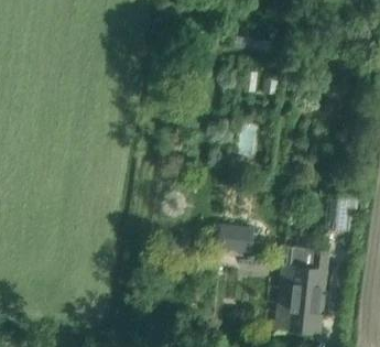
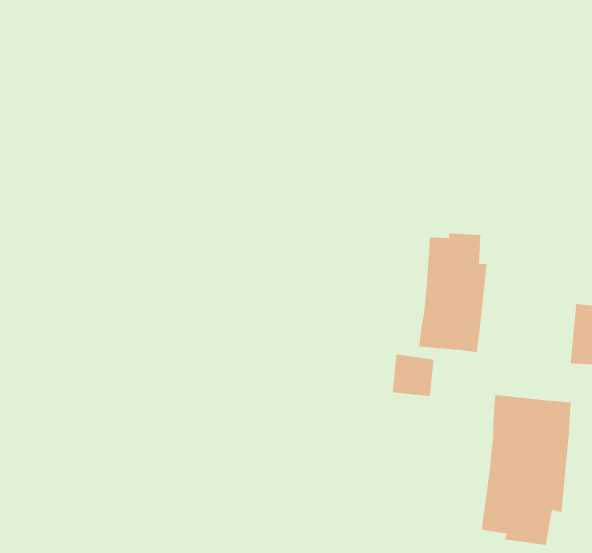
building: none -> [419,233,487,353]

